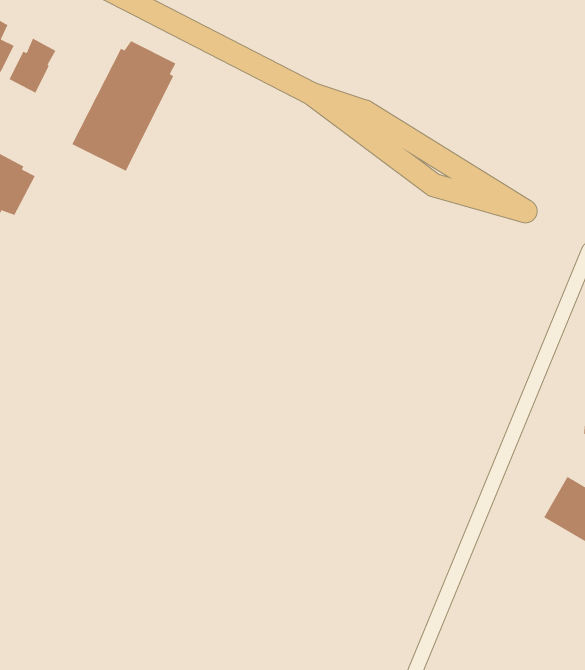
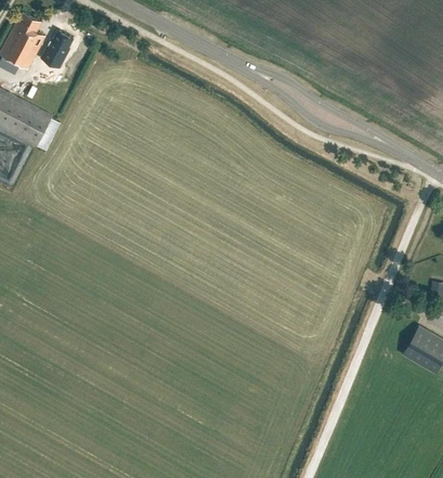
building: [71,40,176,172] -> none

